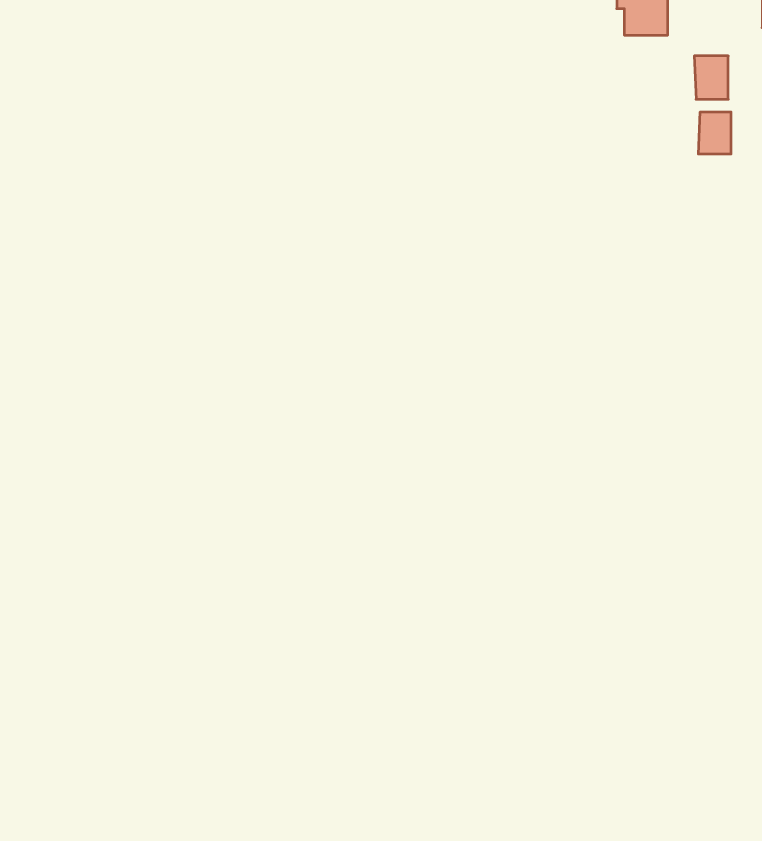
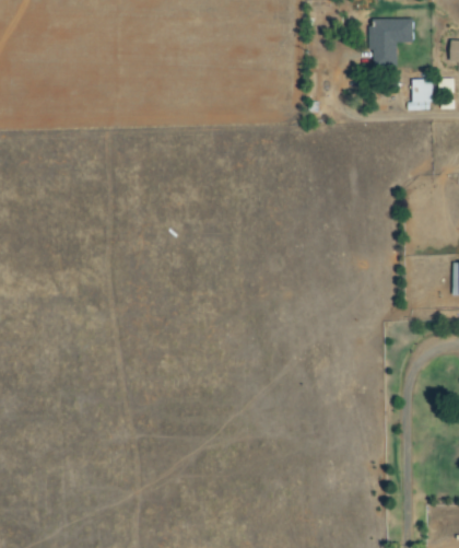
building: [698,112,731,154] -> none

